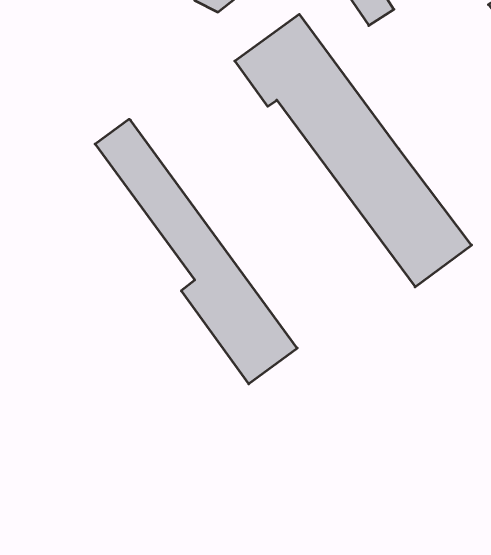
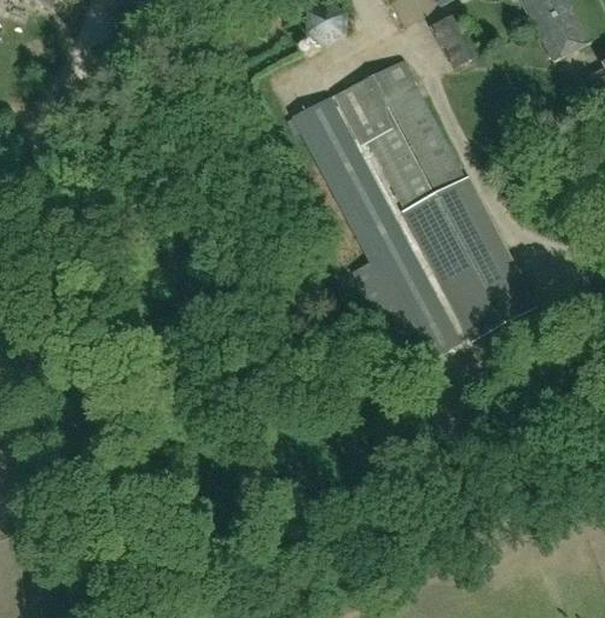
building: [95,119,297,384] -> [291,97,458,368]

